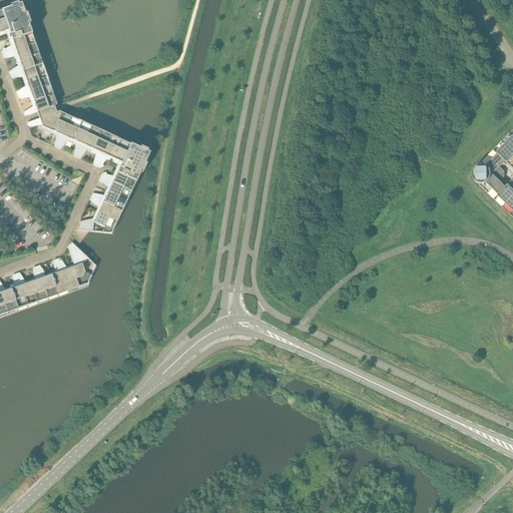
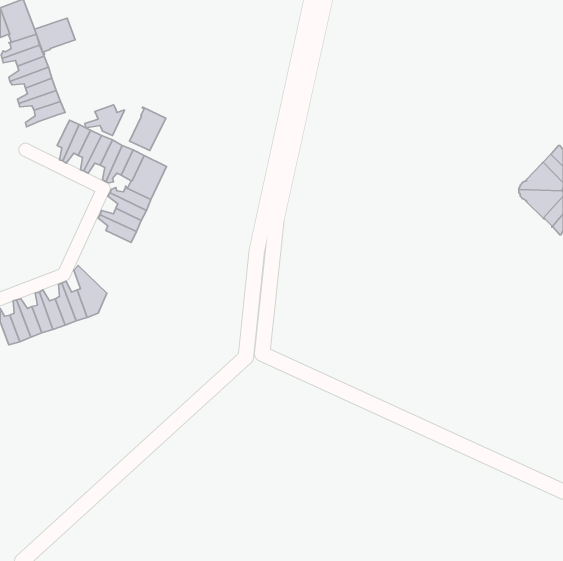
building: none -> [35,18,75,54]
building: none -> [130,107,166,150]
building: [27,104,63,132] -> [85,105,125,136]
building: [78,209,119,232] -> none

